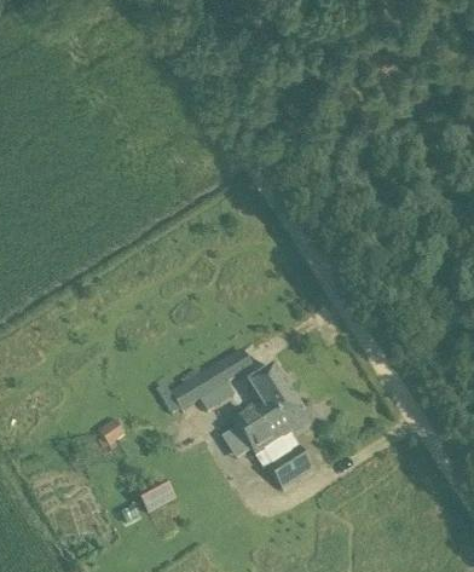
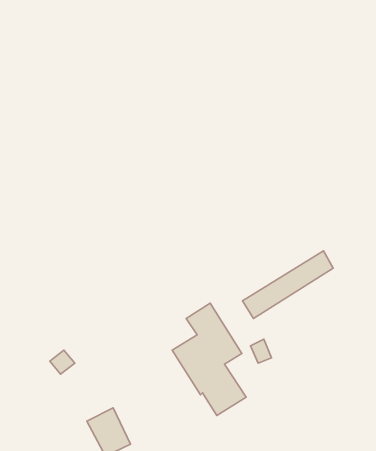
building: [168,336,268,411] -> [243,251,333,318]

